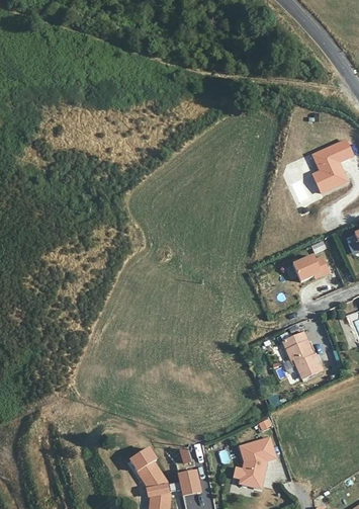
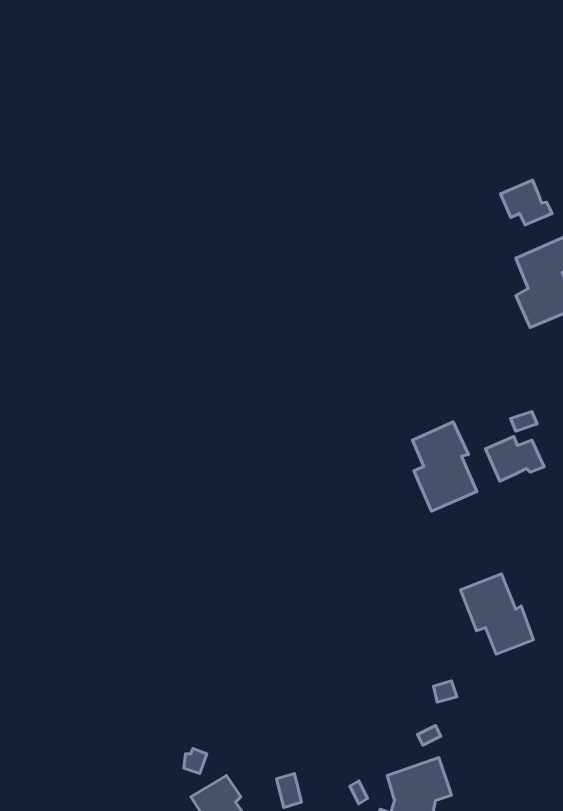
building: none -> [500,180,552,225]
building: none -> [412,422,477,511]

